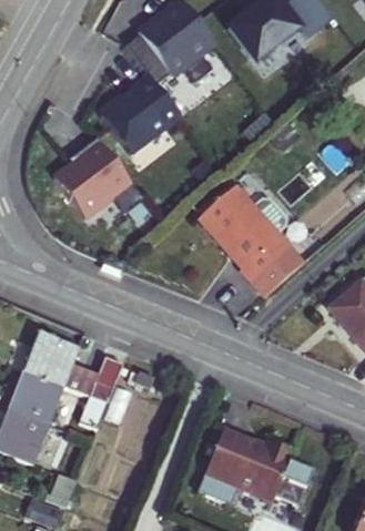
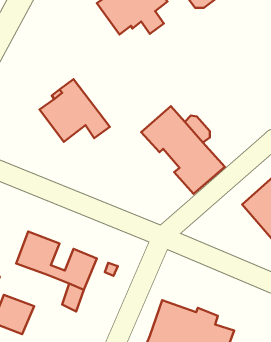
building: [92,69,176,152] -> none
building: [16,379,71,433] -> none

